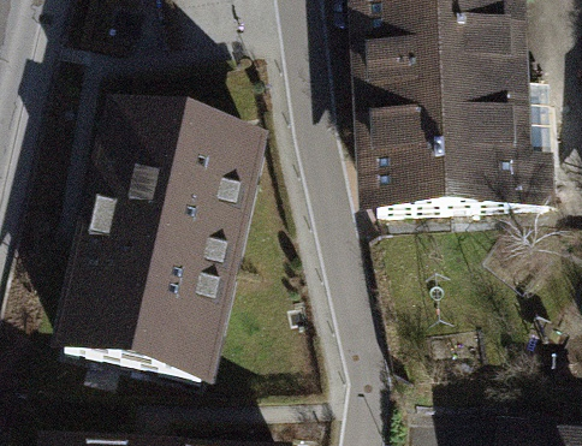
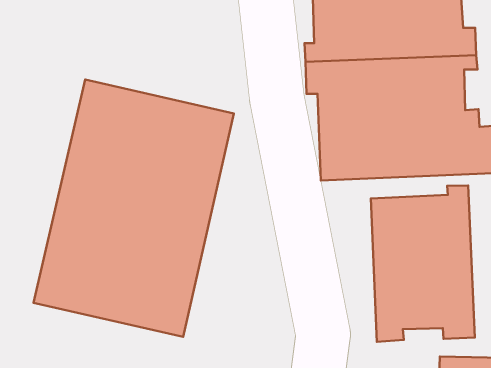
building: none -> [371,185,475,342]

